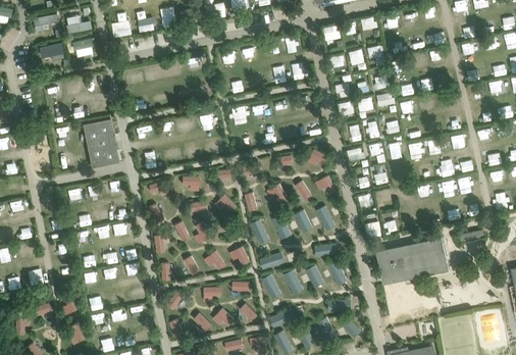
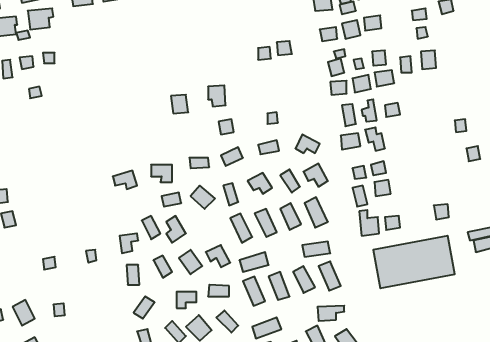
building: [82,118,118,168] -> none

